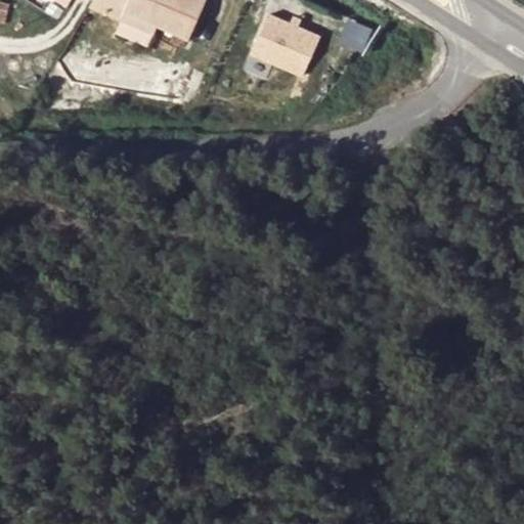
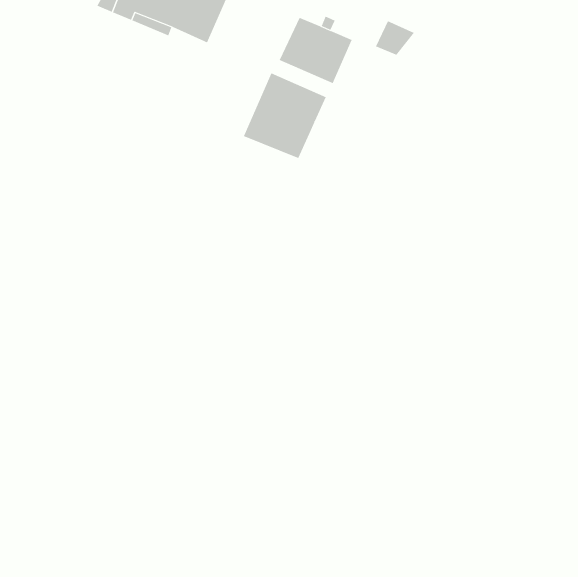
building: none -> [243,73,326,159]

